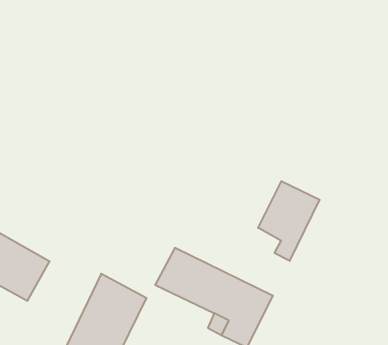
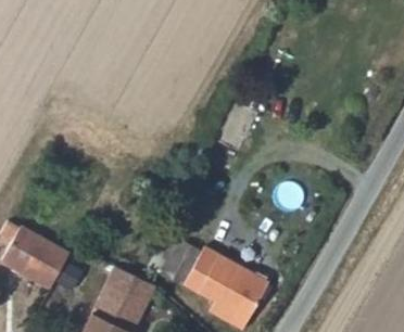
building: [258,181,320,261] -> none

